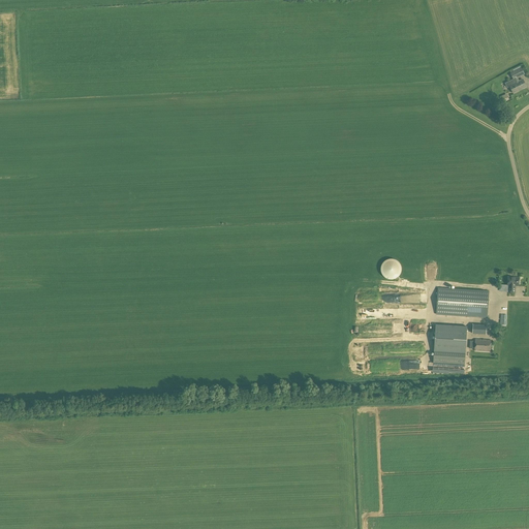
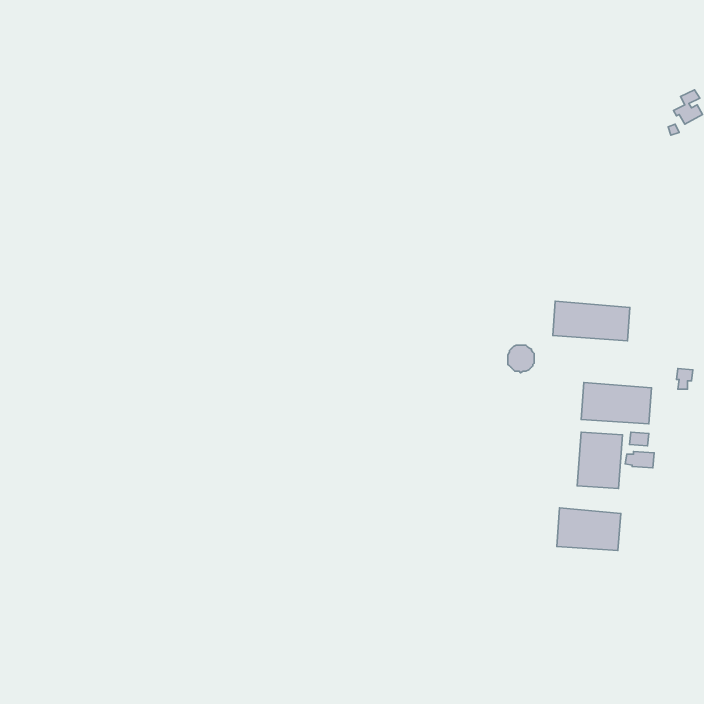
building: none -> [553,301,630,341]
building: none -> [557,508,621,551]

